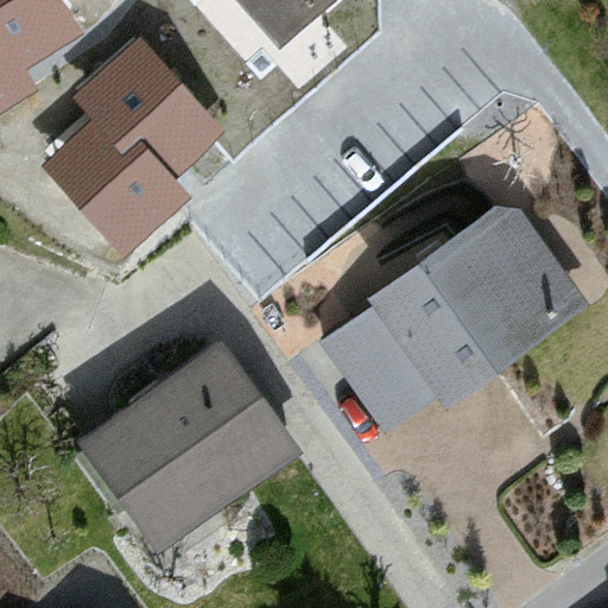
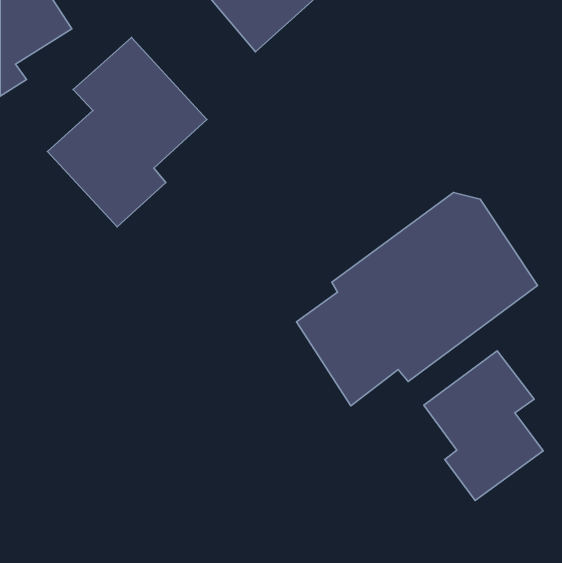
building: [71,340,299,555] -> none
building: none -> [424,351,543,500]

